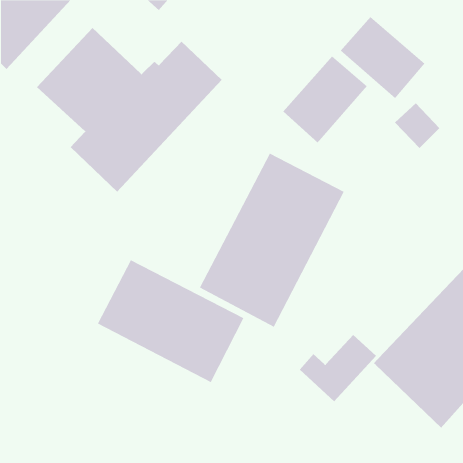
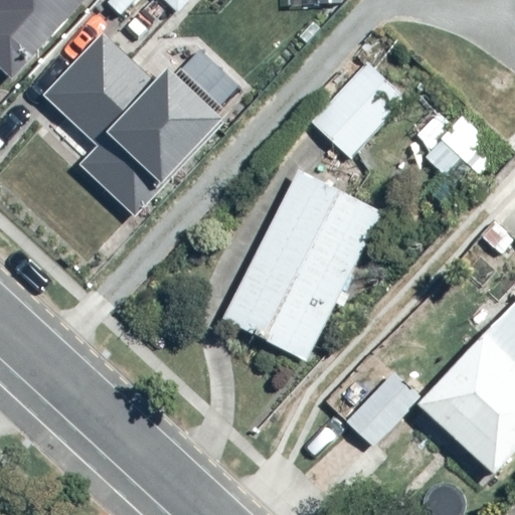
building: [340,16,425,99] -> none
building: [97,259,245,383] -> none

